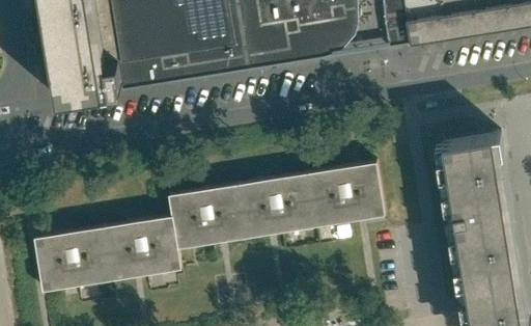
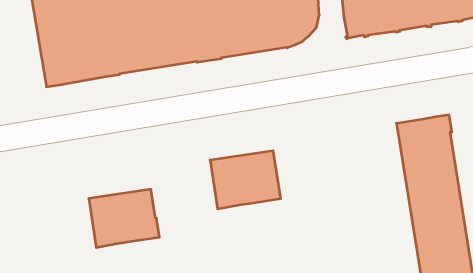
building: [306,162,384,226] -> none
building: [167,184,245,248] -> none
building: [33,226,111,291] -> none

